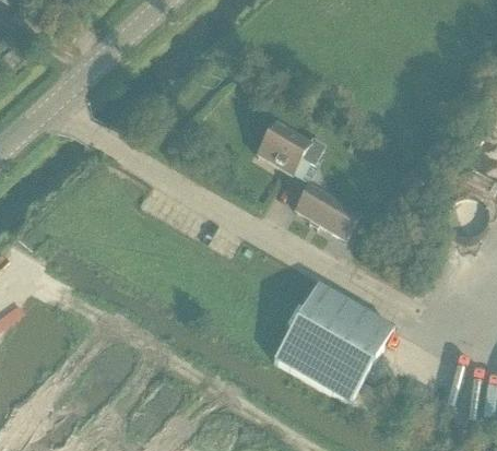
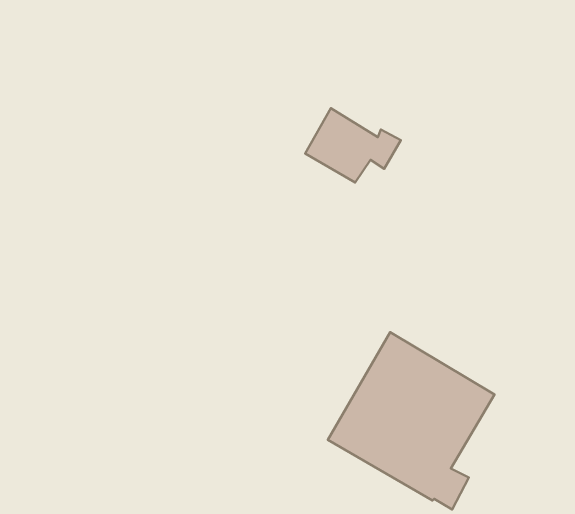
building: [293,179,360,238] -> none

